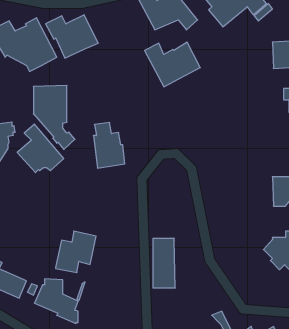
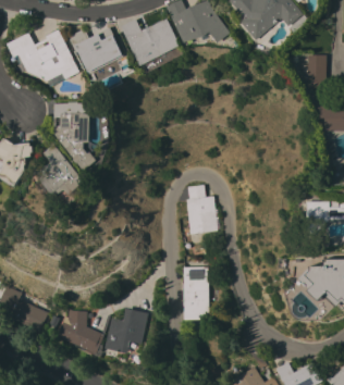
building: [145,42,200,87] -> [120,17,180,65]
building: [93,123,125,168] -> [184,185,218,234]
building: [56,231,96,273] -> [103,308,147,352]

